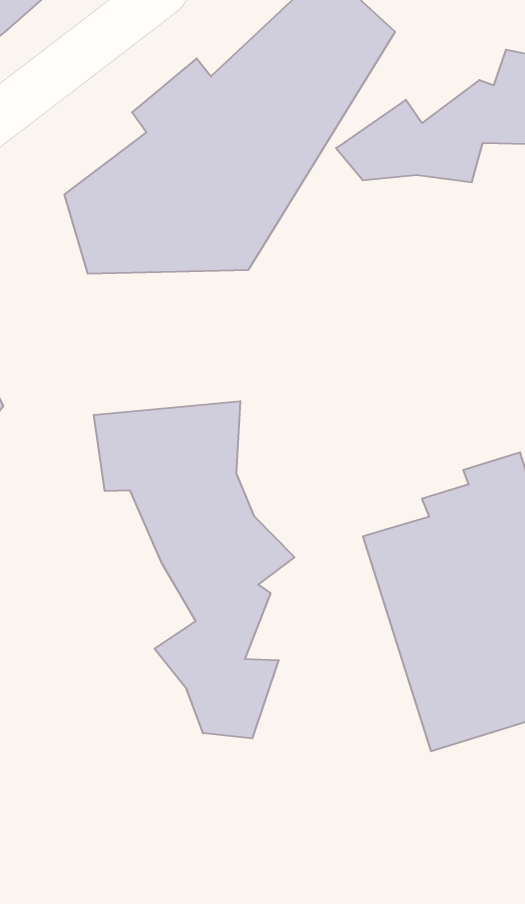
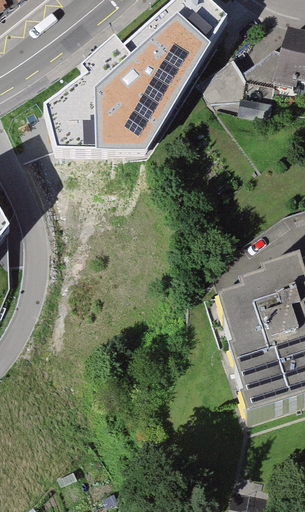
building: [94,401,294,738] -> none

